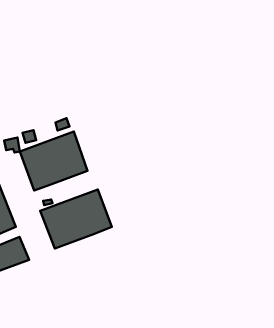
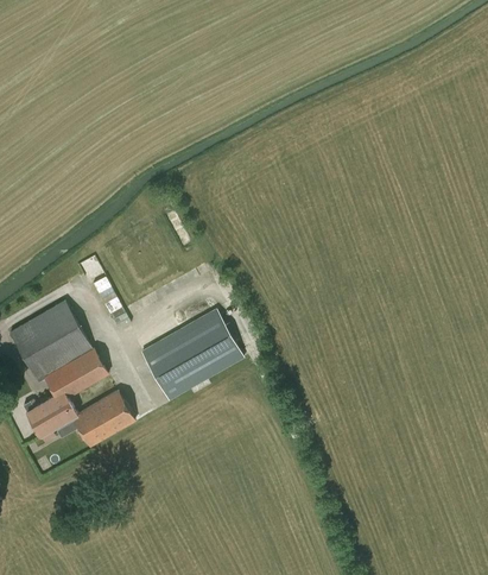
building: [20,131,88,190] -> none

